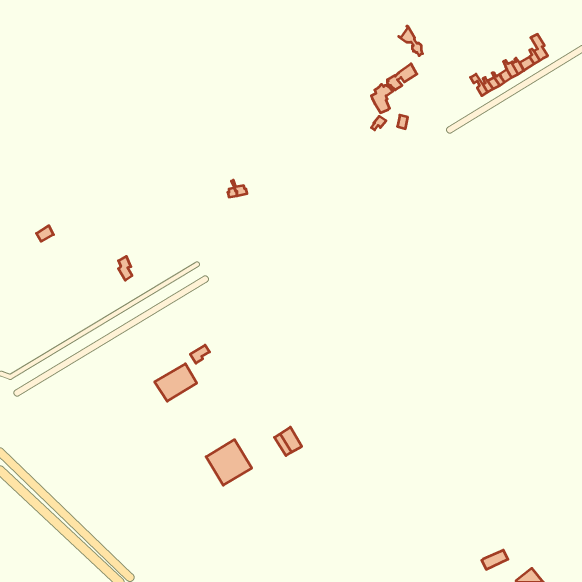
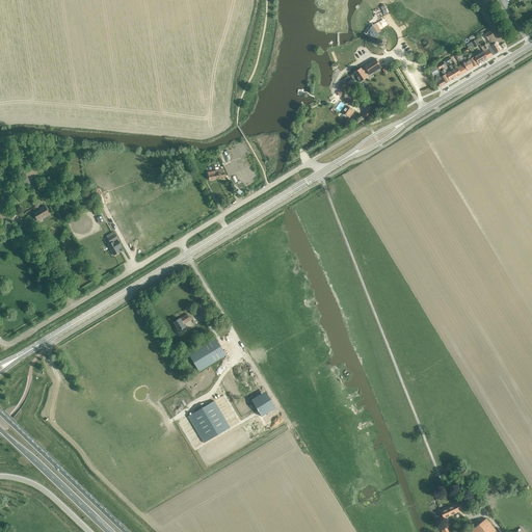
building: [155,364,197,401] -> [188,338,227,372]

